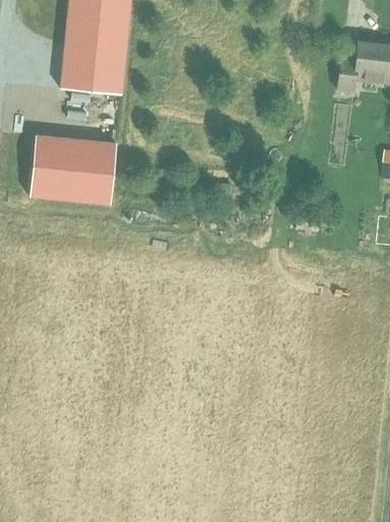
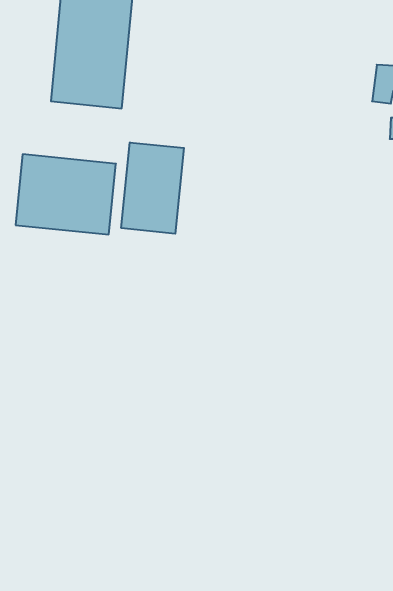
building: none -> [121,142,184,234]

